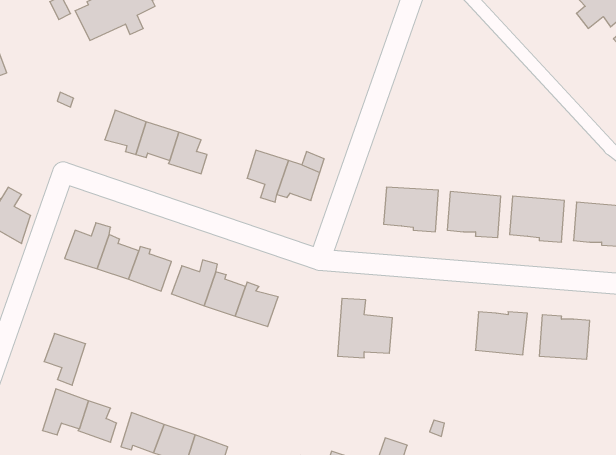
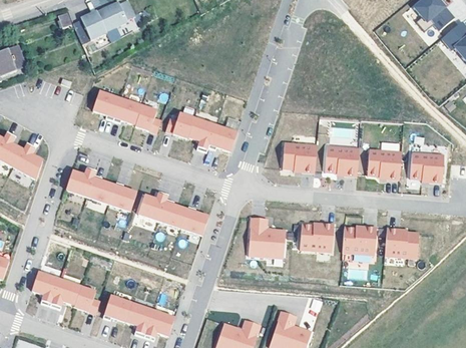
building: none -> [165,112,194,138]
building: none -> [301,223,335,252]
building: [44,333,86,385] -> [31,272,59,307]

